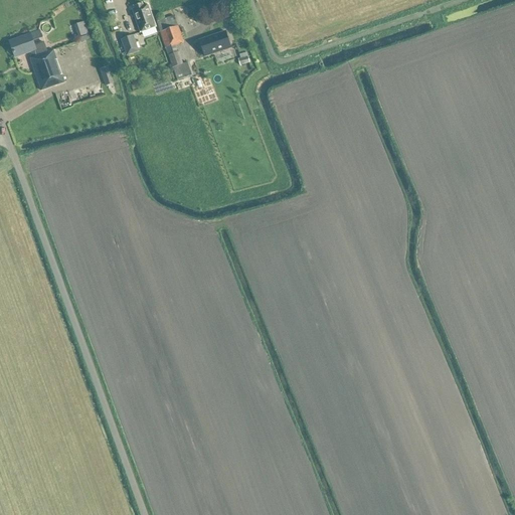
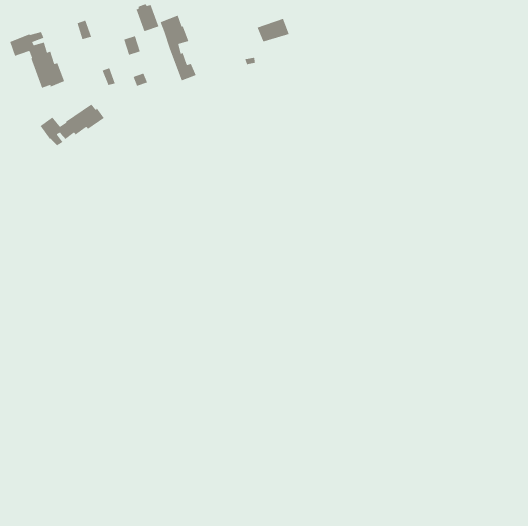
building: [198,30,230,54] -> [257,18,290,43]
building: none -> [39,103,105,146]

